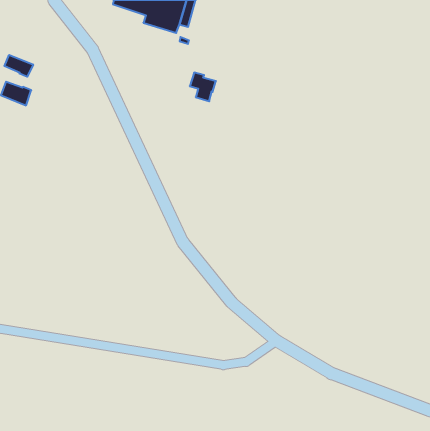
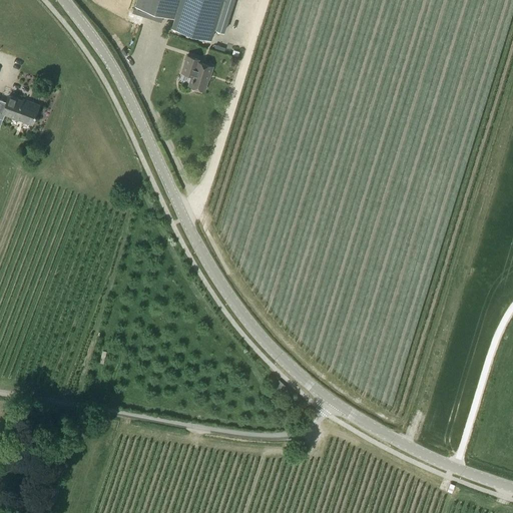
building: [4,55,33,77] -> none
building: [190,73,216,101] -> [180,57,211,91]

